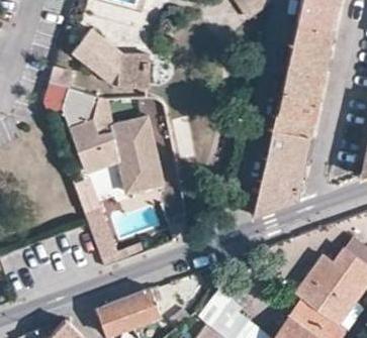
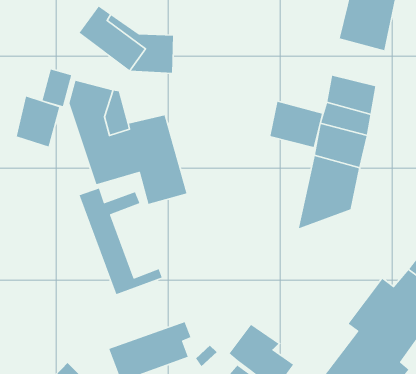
building: [281,61,325,99] -> [269,101,323,148]
building: none -> [16,96,60,148]

